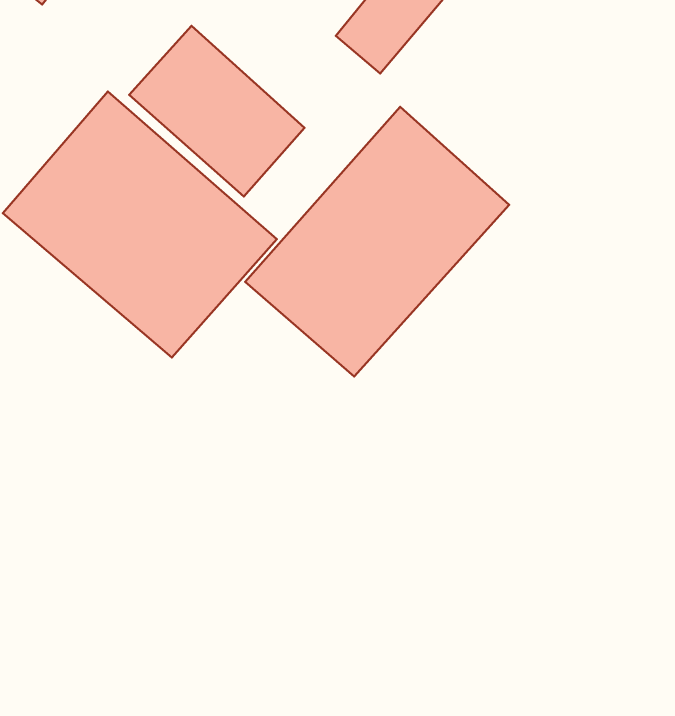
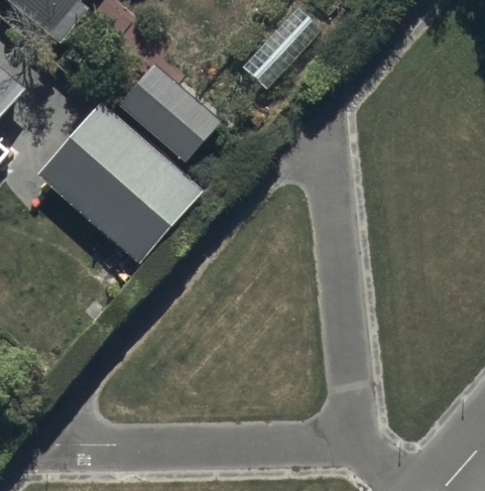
building: [245,107,509,377] -> none

